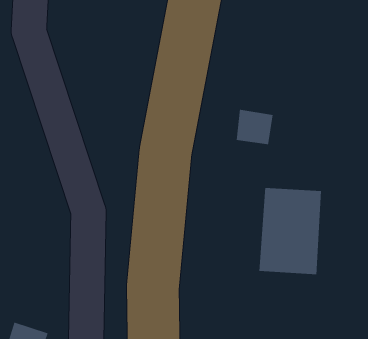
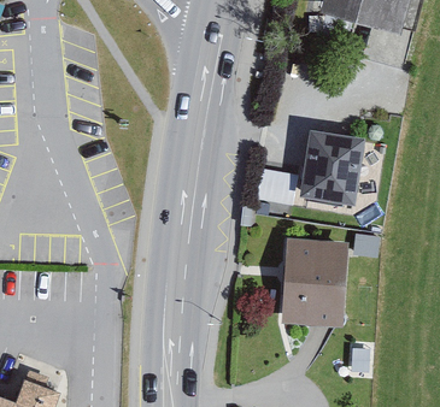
building: none -> [300,131,360,202]

